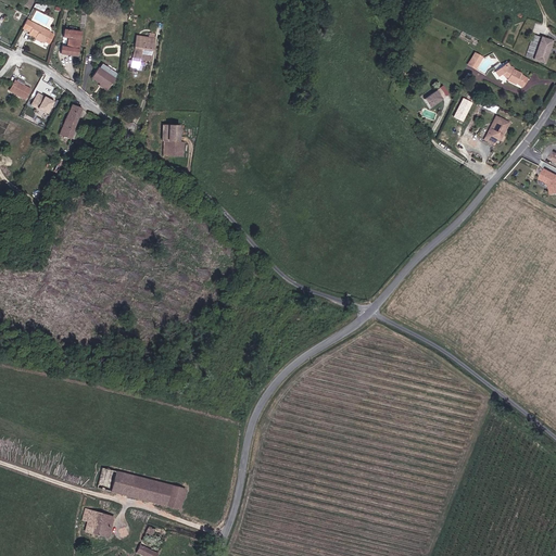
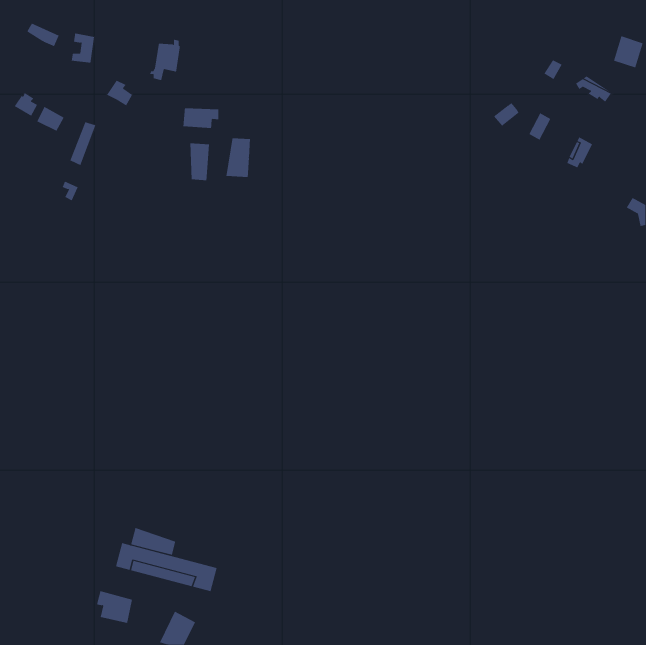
building: none -> [183,108,219,129]
building: none -> [226,138,250,178]
building: none -> [130,527,176,556]

